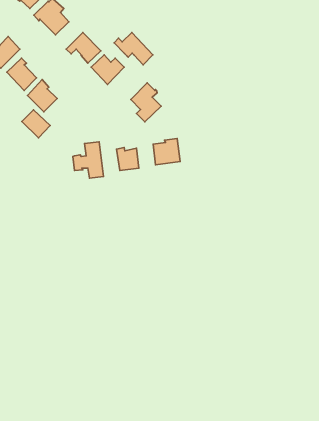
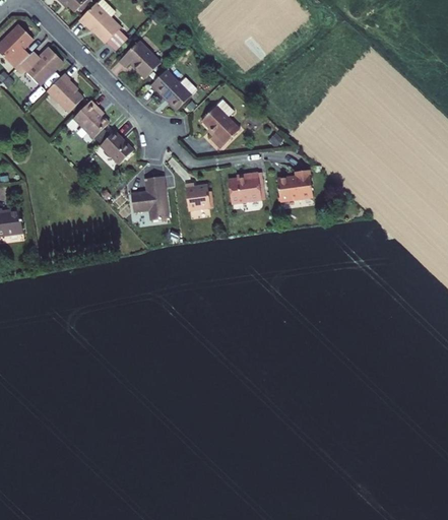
building: [114,33,153,65] -> none
building: [22,110,50,138] -> [100,131,134,166]
building: none -> [274,170,307,202]

